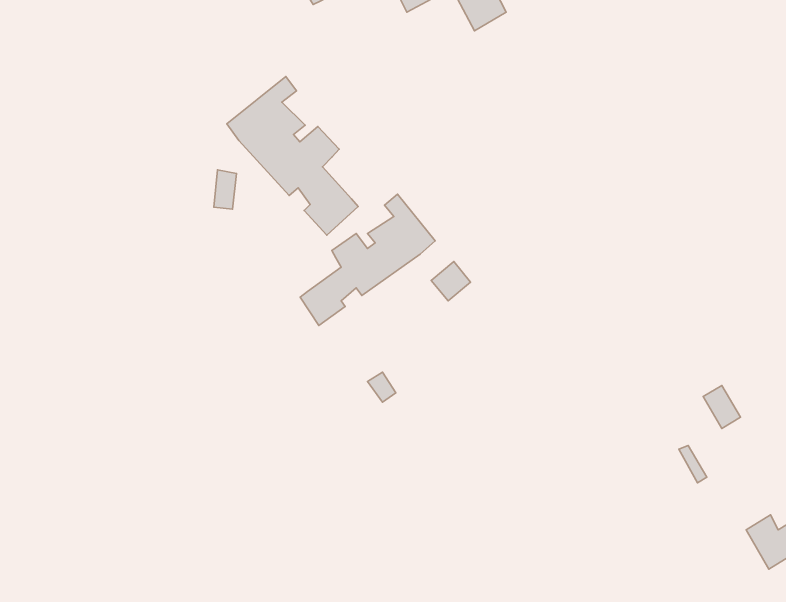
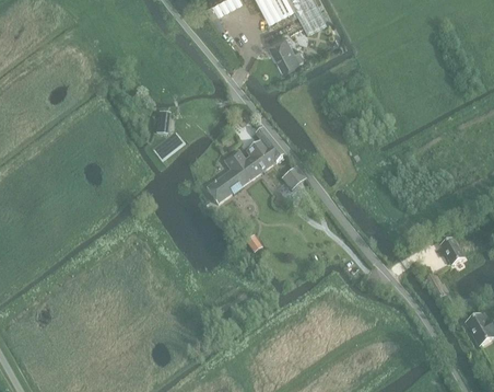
building: none -> [268,38,302,71]
building: [227,76,358,235] -> none

